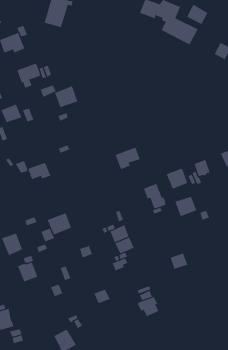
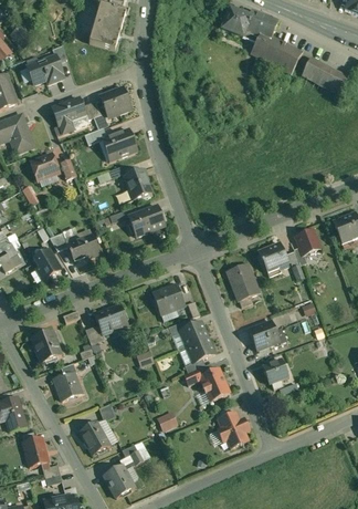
building: [186,4,208,25] -> [303,56,333,85]
building: none -> [99,86,131,115]
building: none -> [124,168,151,199]
building: [115,147,141,170] -> [128,205,165,237]
building: none -> [35,250,64,283]
building: [175,196,197,217] -> [249,321,280,350]
building: none -> [152,284,185,314]
building: none -> [200,367,229,399]
building: none -> [80,422,109,455]

